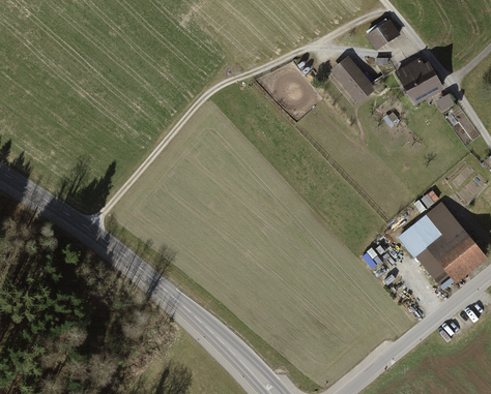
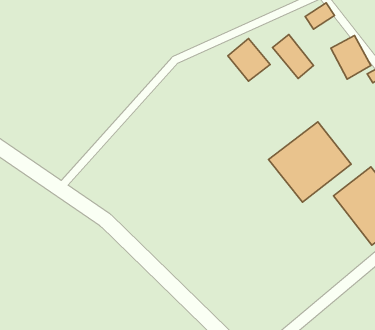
building: none -> [228,39,270,81]
building: none -> [269,122,351,202]

